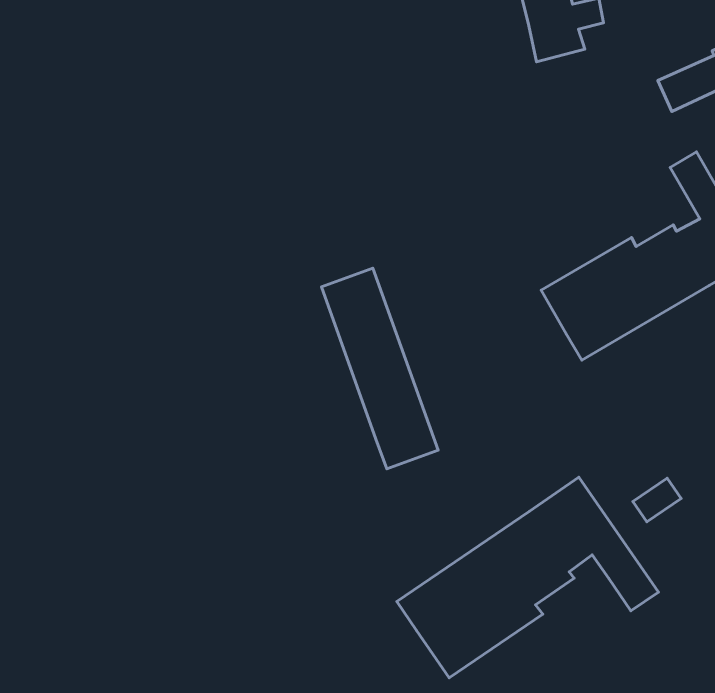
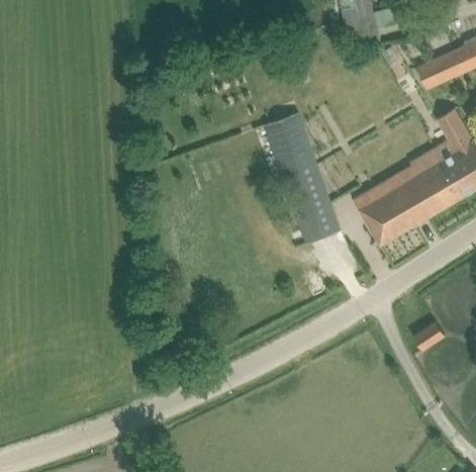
building: [322,268,438,469] -> [265,112,341,243]
building: [397,477,658,678] -> none

